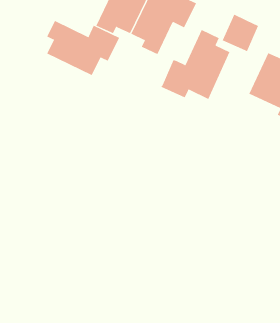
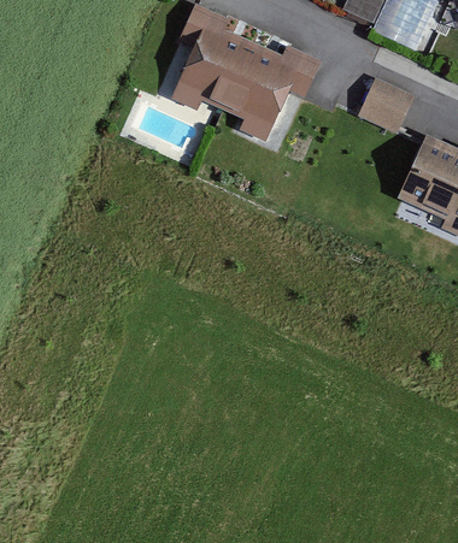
building: [46,20,120,76] -> none
building: [161,29,230,100] -> none

